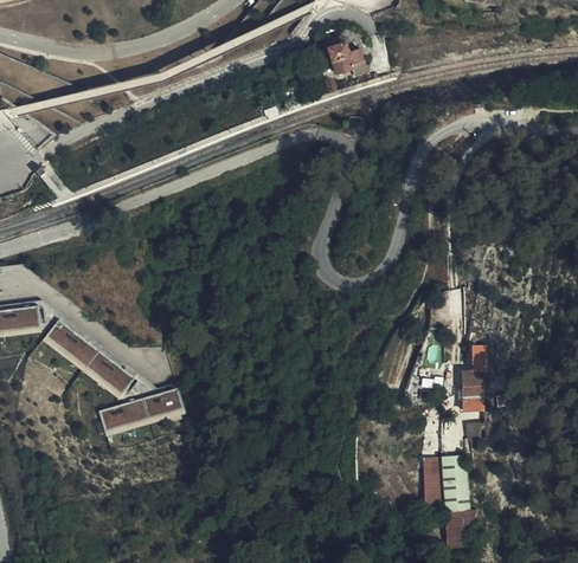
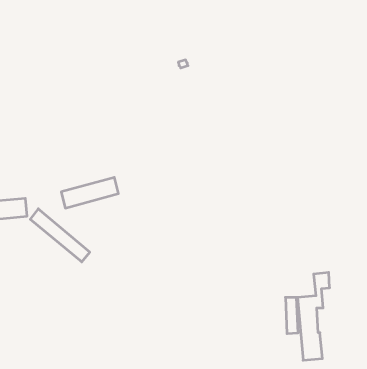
building: [325,32,364,75] -> none
building: [455,345,487,406] -> none
building: [98,388,182,433] -> [61,177,118,208]

